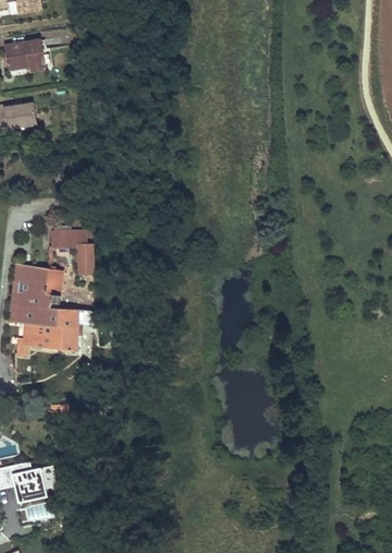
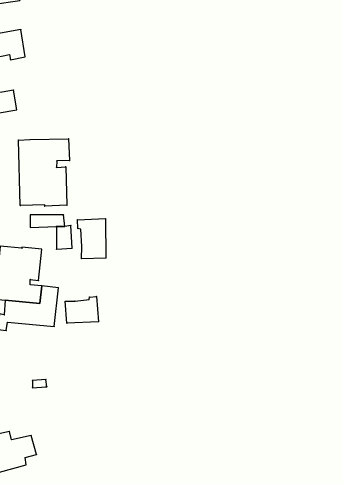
building: none -> [18,139,70,206]
building: none -> [77,219,106,259]
building: none -> [65,296,99,323]

